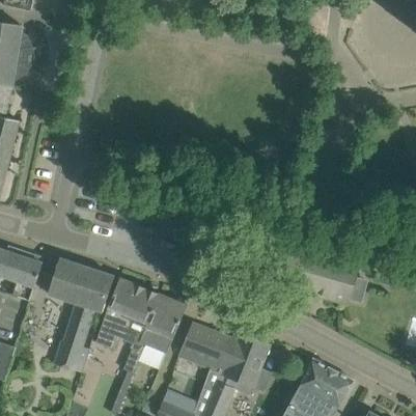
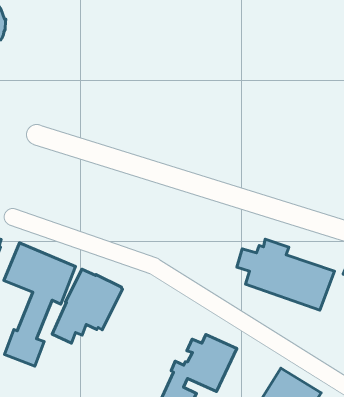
building: [124,295,187,371] -> none
building: [179,323,229,368] -> none

